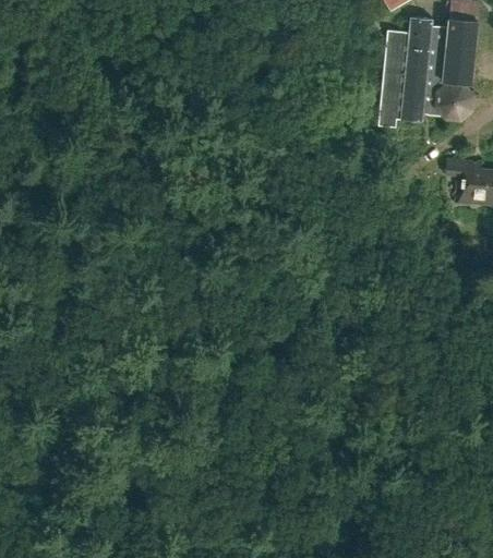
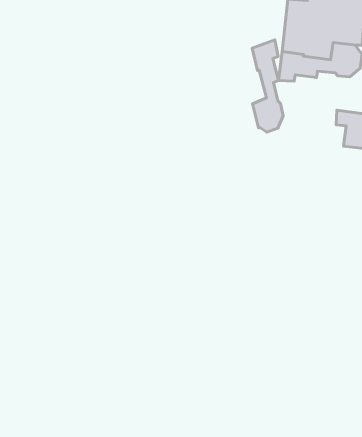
building: none -> [252,40,283,132]

